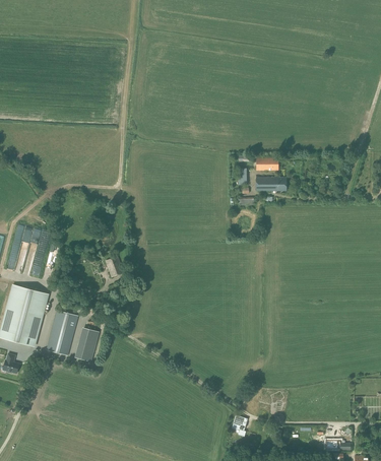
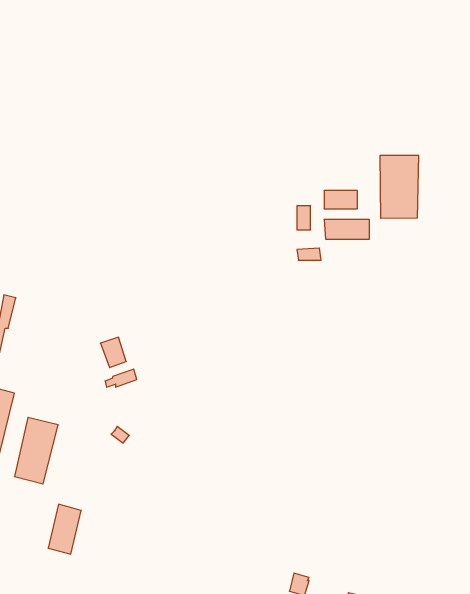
building: none -> [380,155,419,218]
building: [76,327,99,360] -> [48,504,81,554]

